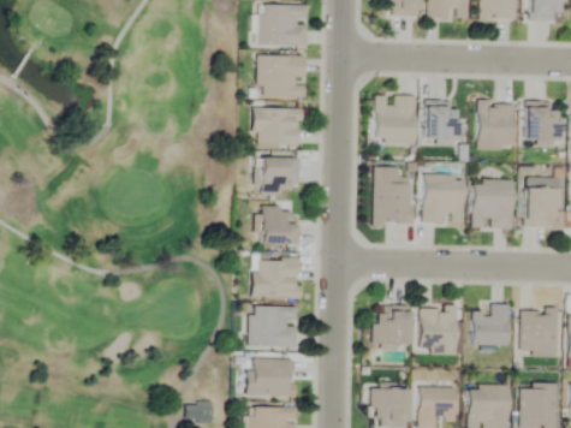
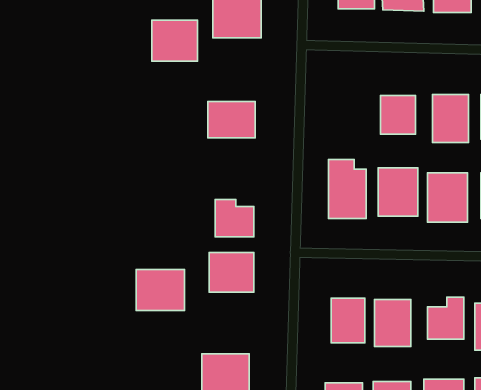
building: [258,57,304,97] -> [152,20,198,61]
building: [374,97,416,144] -> none
building: [261,159,299,194] -> none
building: [249,308,297,349] -> [136,270,185,311]

